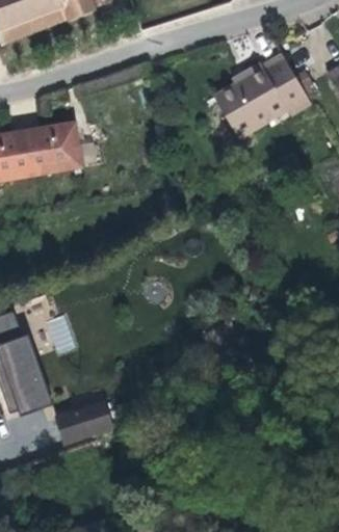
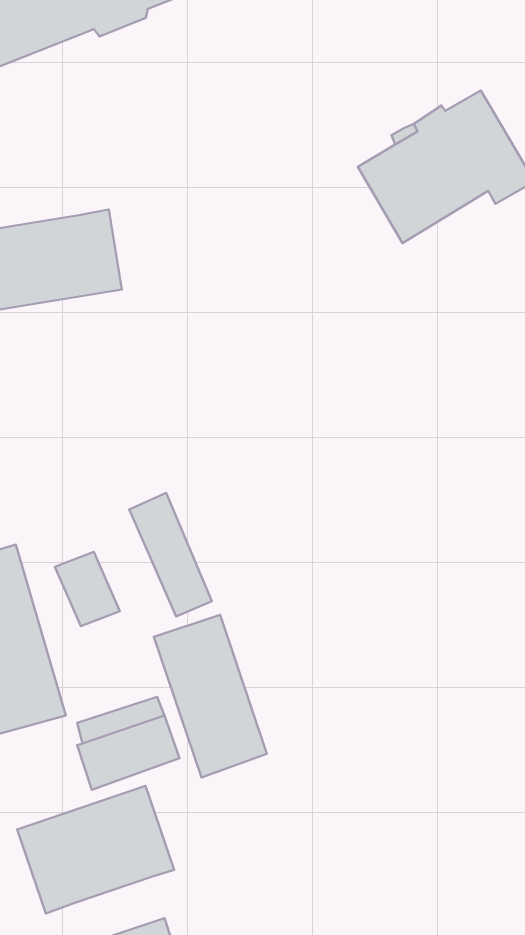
building: none -> [129,493,212,616]
building: none -> [154,615,267,777]
building: none -> [17,786,174,914]

